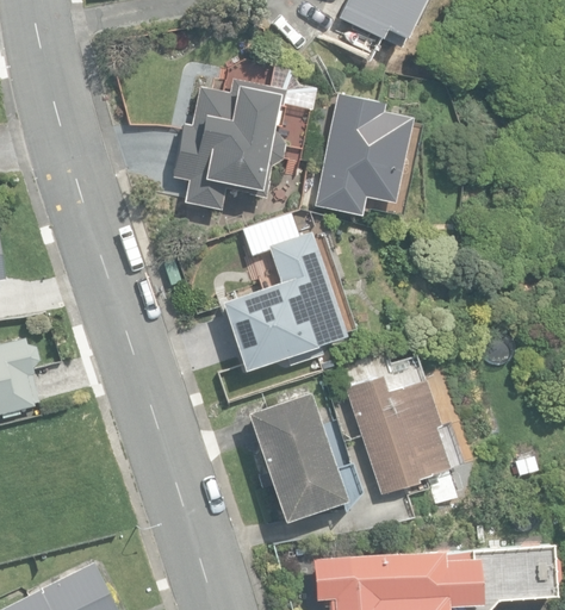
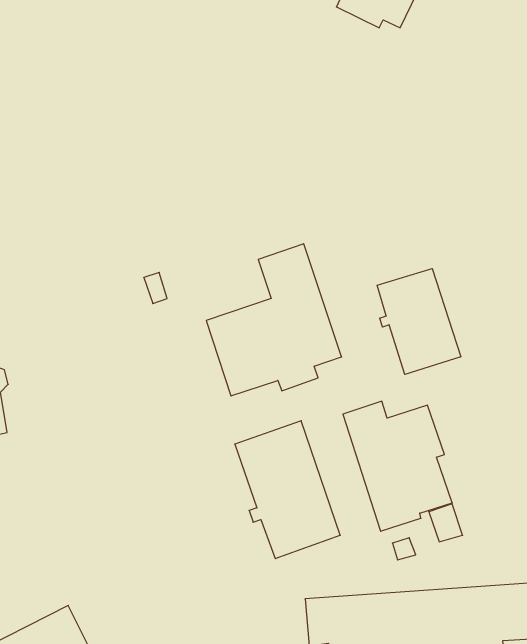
building: [175,80,287,211] -> none
building: [318,95,408,214] -> none
building: none -> [377,269,461,374]

